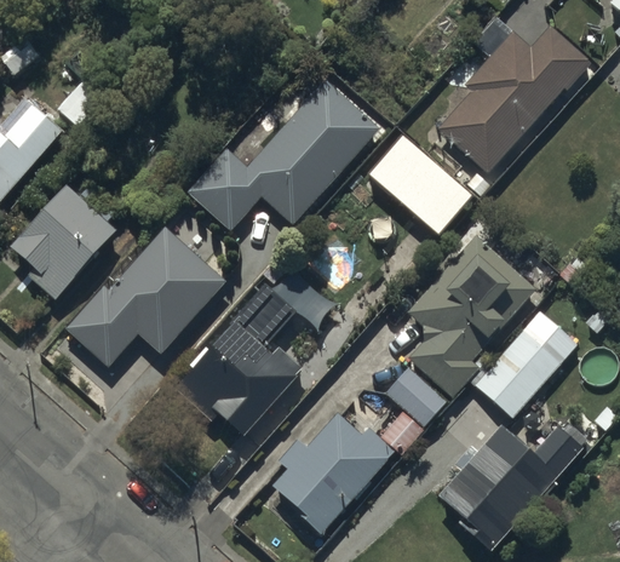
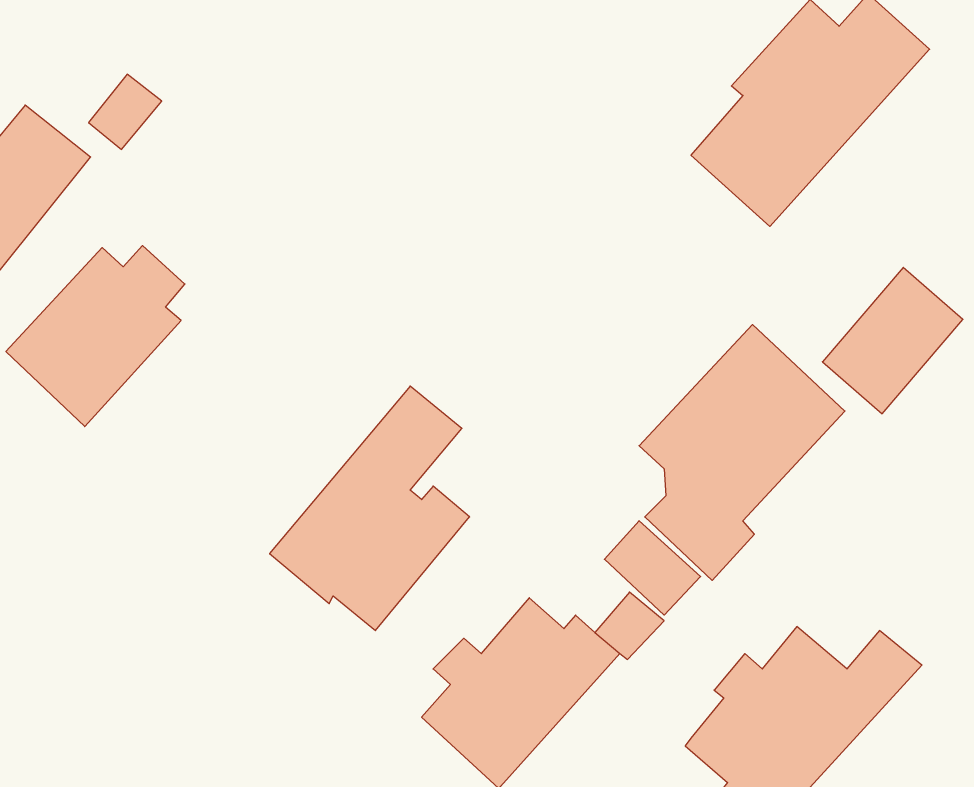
building: [193,80,379,226] -> none
building: [367,134,473,237] -> none
building: [68,229,225,367] -> none
building: [476,325,564,417] -> [822,267,963,414]

